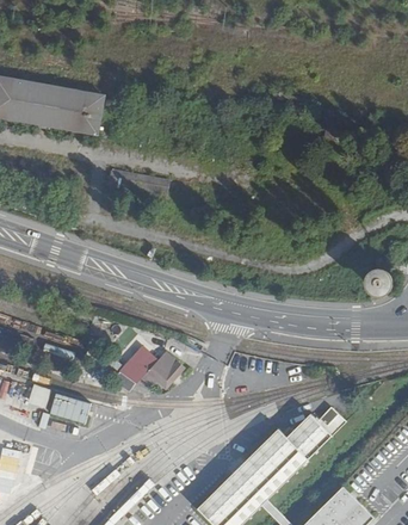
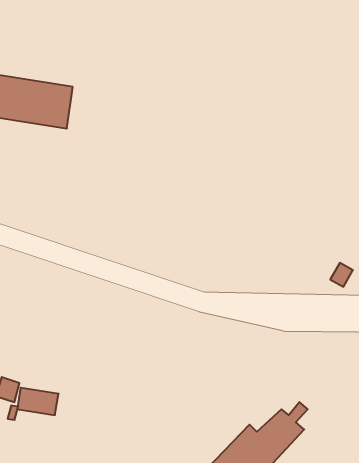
building: [125,344,188,388] -> none

